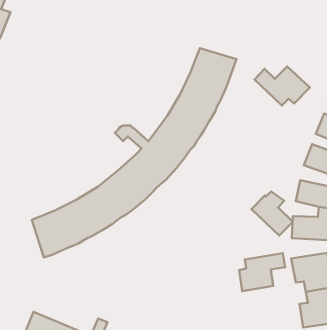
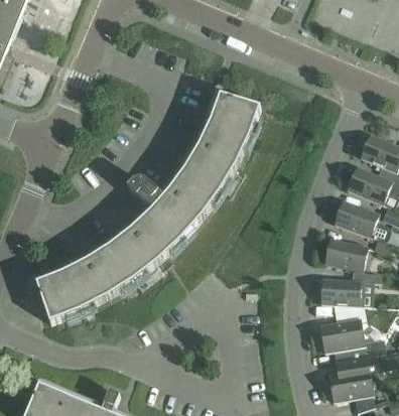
building: [254,67,310,106] -> none
building: [252,192,293,235] -> none
building: [239,253,285,291] -> none

